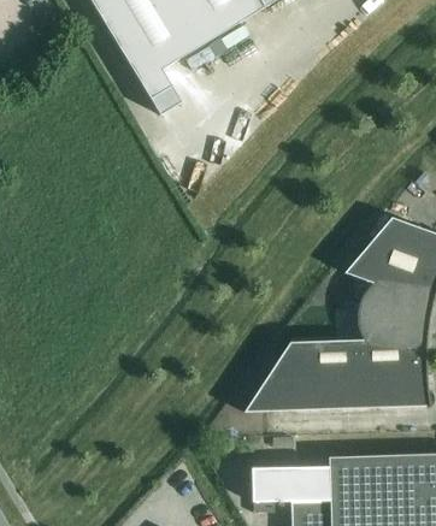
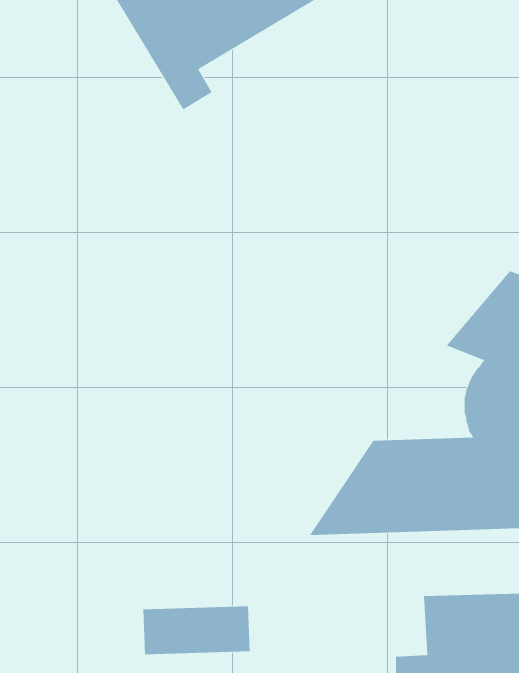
building: [247,463,326,500] -> [143,606,250,655]

